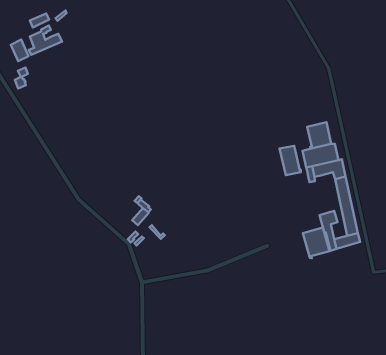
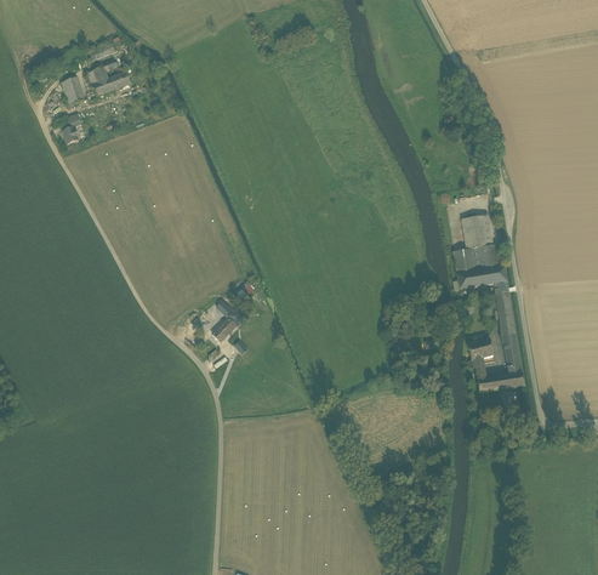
building: [280,146,301,175] -> none
building: [303,227,329,258] -> none

